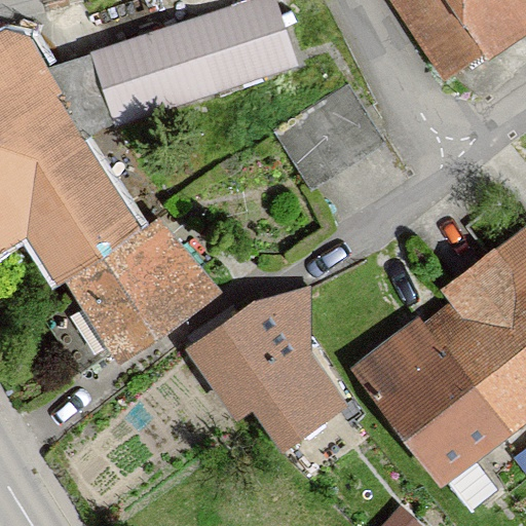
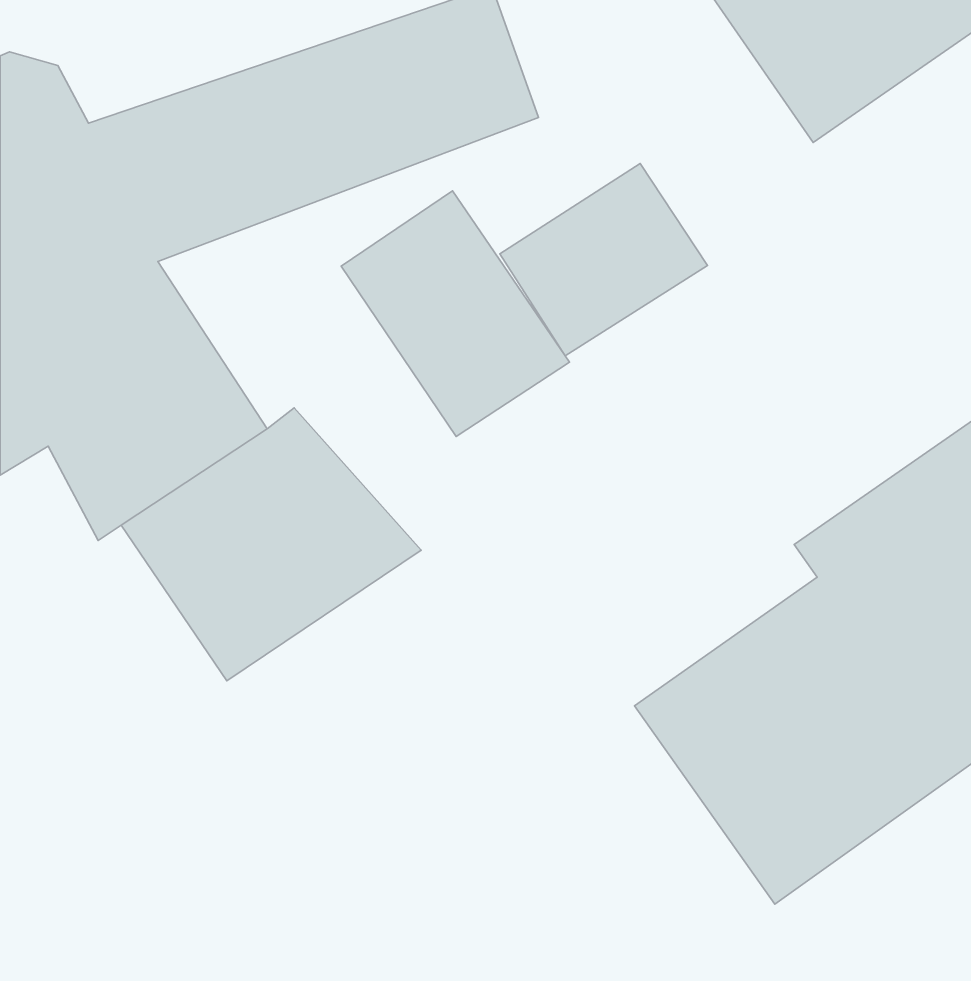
building: none -> [341,191,570,437]
building: [180,289,333,442] -> none

